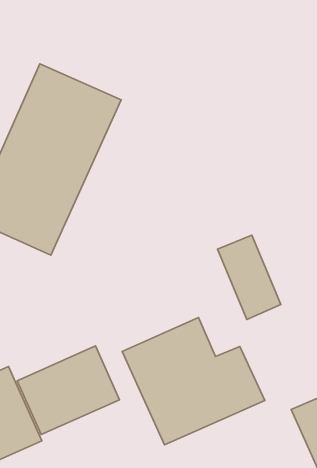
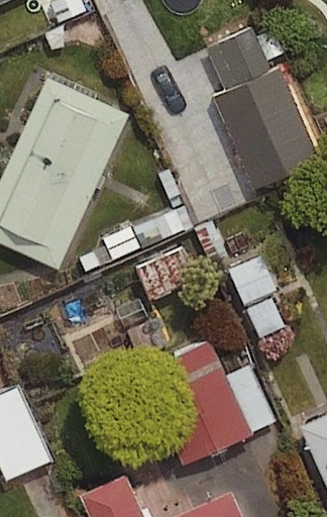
building: none -> [191,23,315,185]
building: [17,346,120,435] -> none

